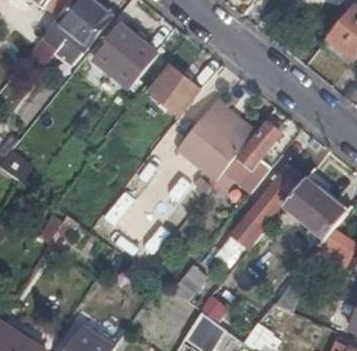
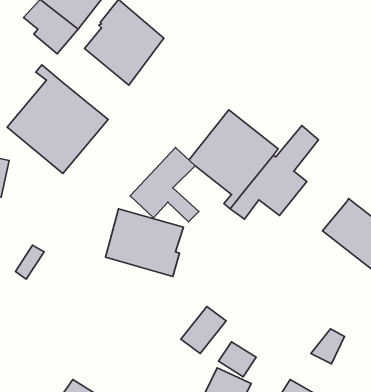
building: [152,64,201,114] -> none
building: none -> [7,65,108,174]
building: [228,167,302,251] -> none

